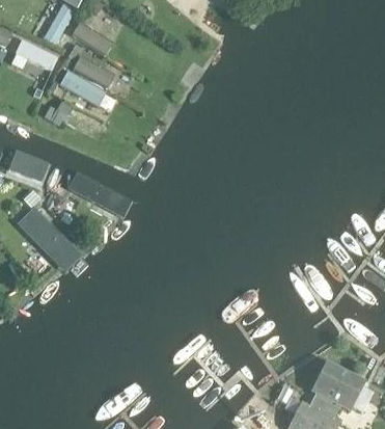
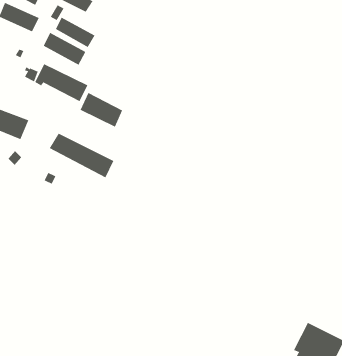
building: none -> [80,92,123,128]
building: [28,213,80,265] -> none

